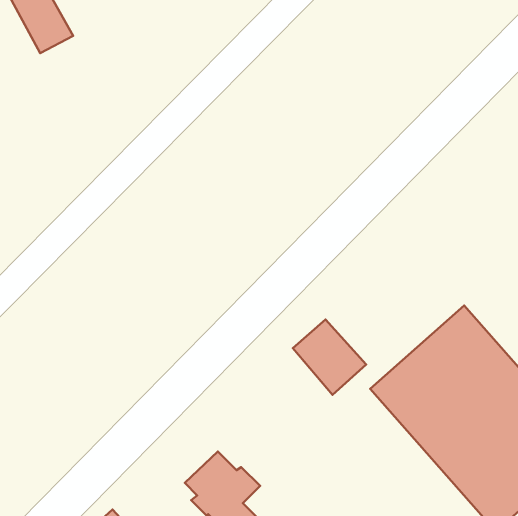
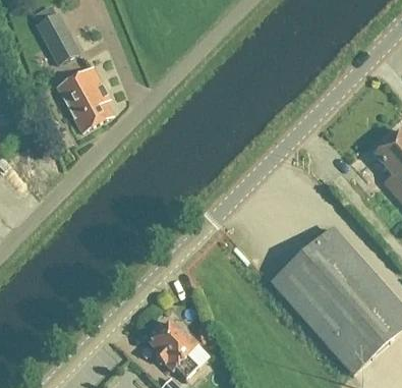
building: none -> [57,65,112,130]
building: [293,320,366,395] -> none

